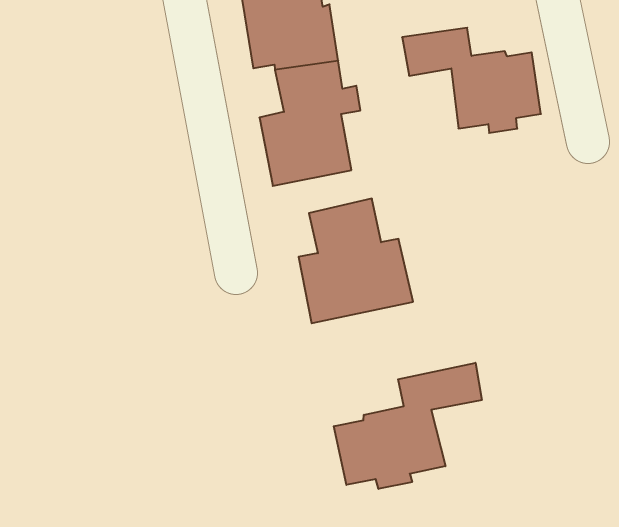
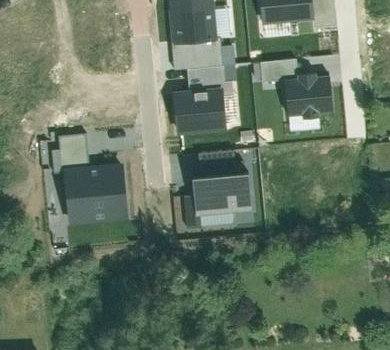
building: none -> [62,133,130,223]
building: [334,363,482,489] -> none

